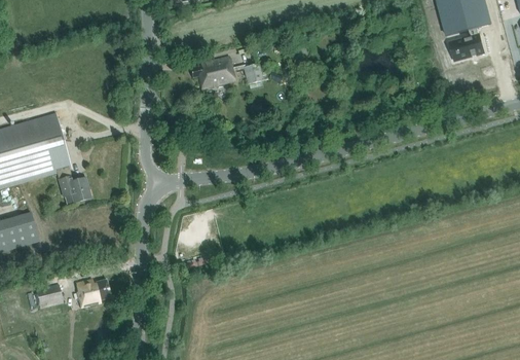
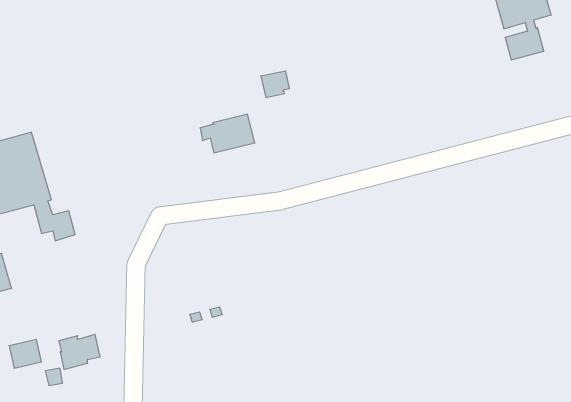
building: [190,56,235,87] -> [200,114,255,153]

